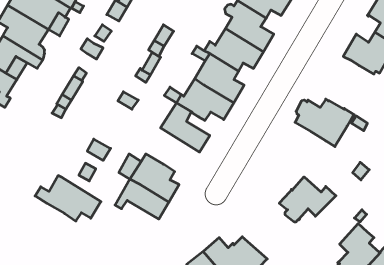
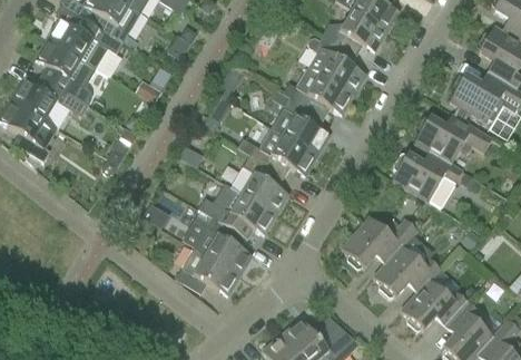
building: none -> [414,113,492,164]
building: none -> [342,216,421,267]
building: [35,176,101,221] -> [198,184,277,239]
building: none -> [401,279,468,330]

